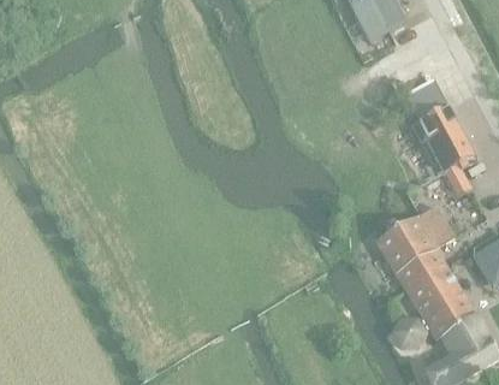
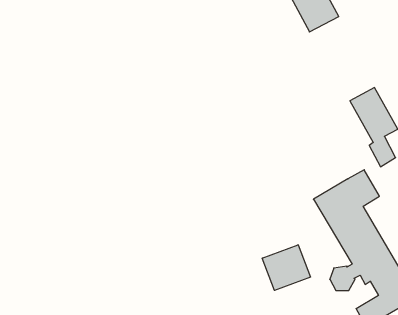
building: none -> [262,245,310,290]

